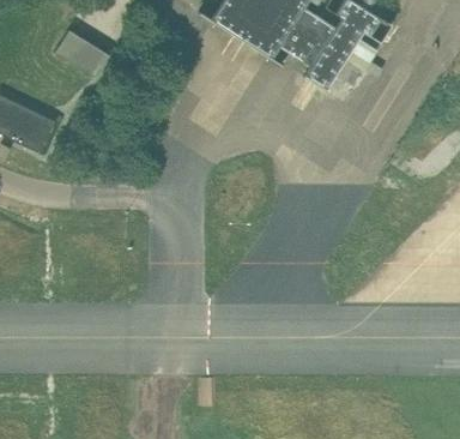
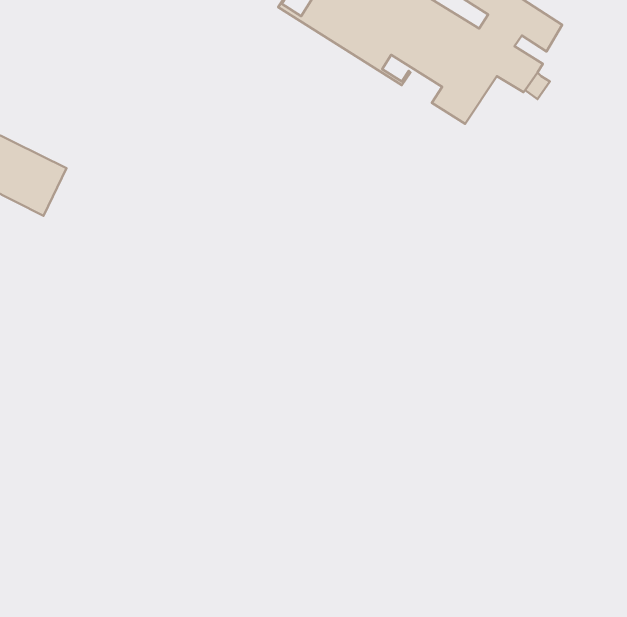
building: [54,29,108,77] -> none

